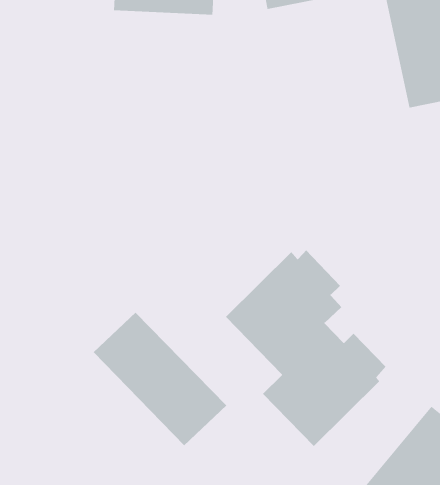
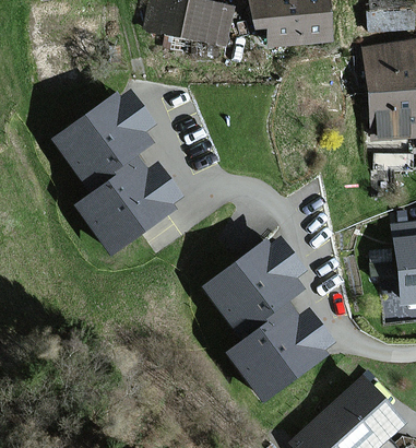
building: none -> [52,94,177,254]
building: [93,312,227,446] -> none

